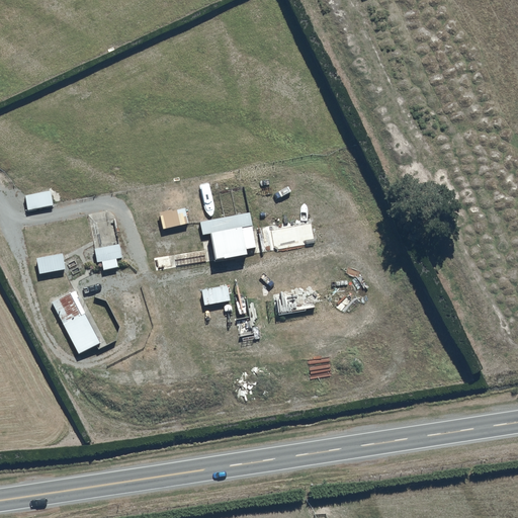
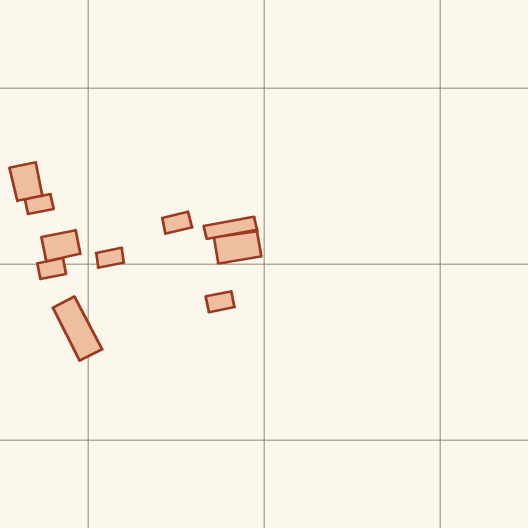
building: none -> [10,162,42,201]
building: none -> [42,230,80,262]

